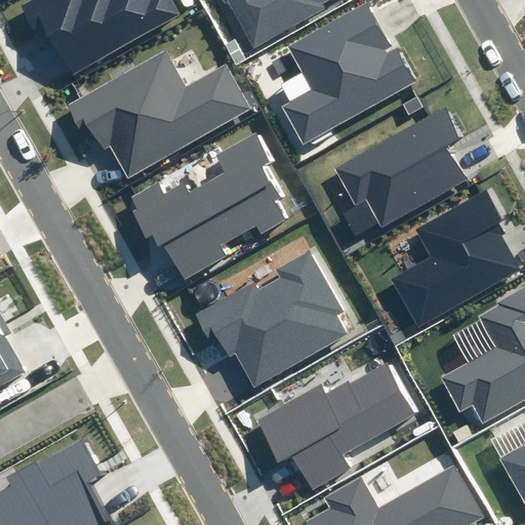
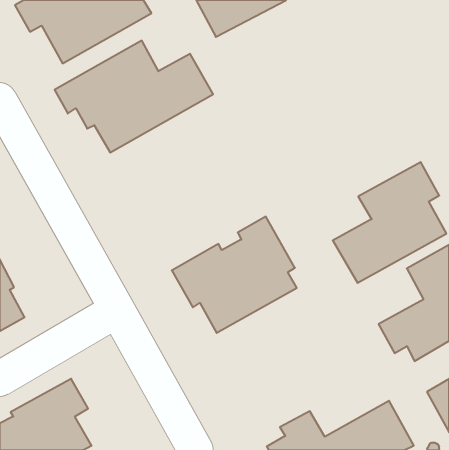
building: [282,5,418,145] -> none
building: [335,108,467,225] -> none
building: [133,130,286,278] -> none
building: [259,360,418,492] -> none

